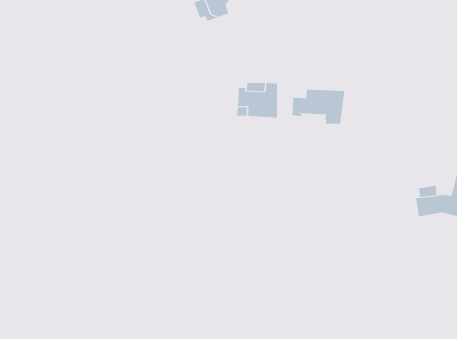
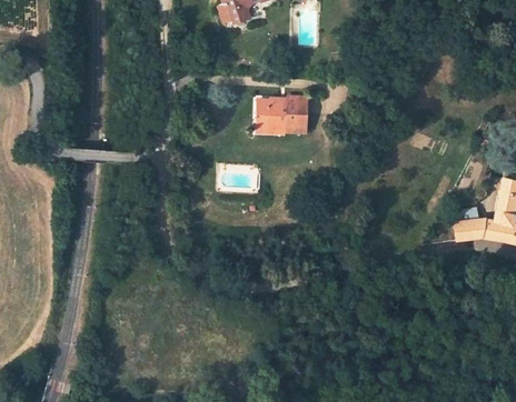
building: [292,89,345,125] -> none

